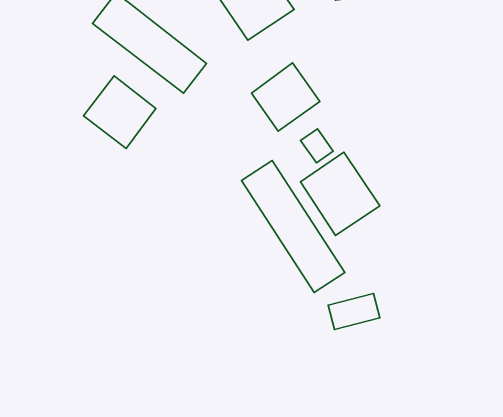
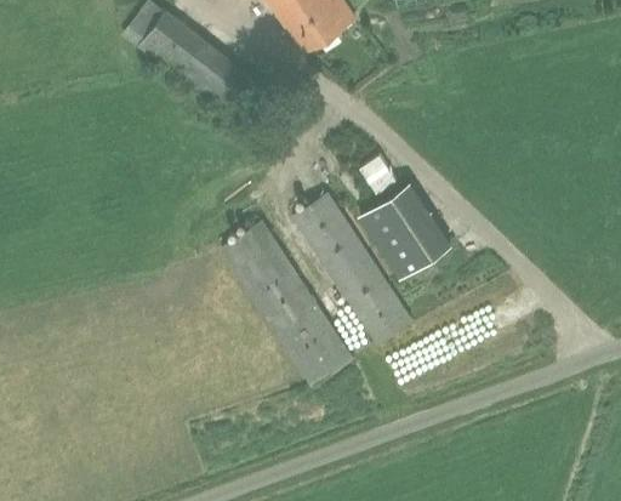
building: [252,63,320,131] -> none
building: [83,76,156,149] -> none
building: none -> [222,222,352,385]

